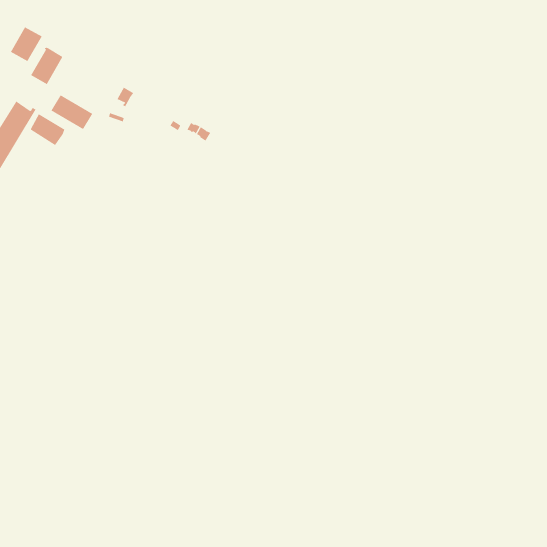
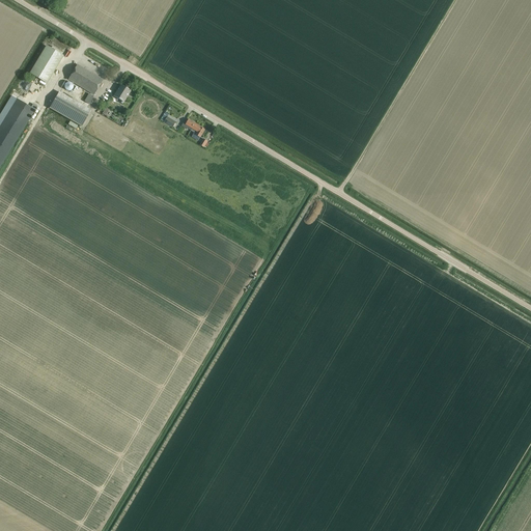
building: [10,26,42,62] -> none
building: [30,114,65,146] -> [67,63,102,94]

